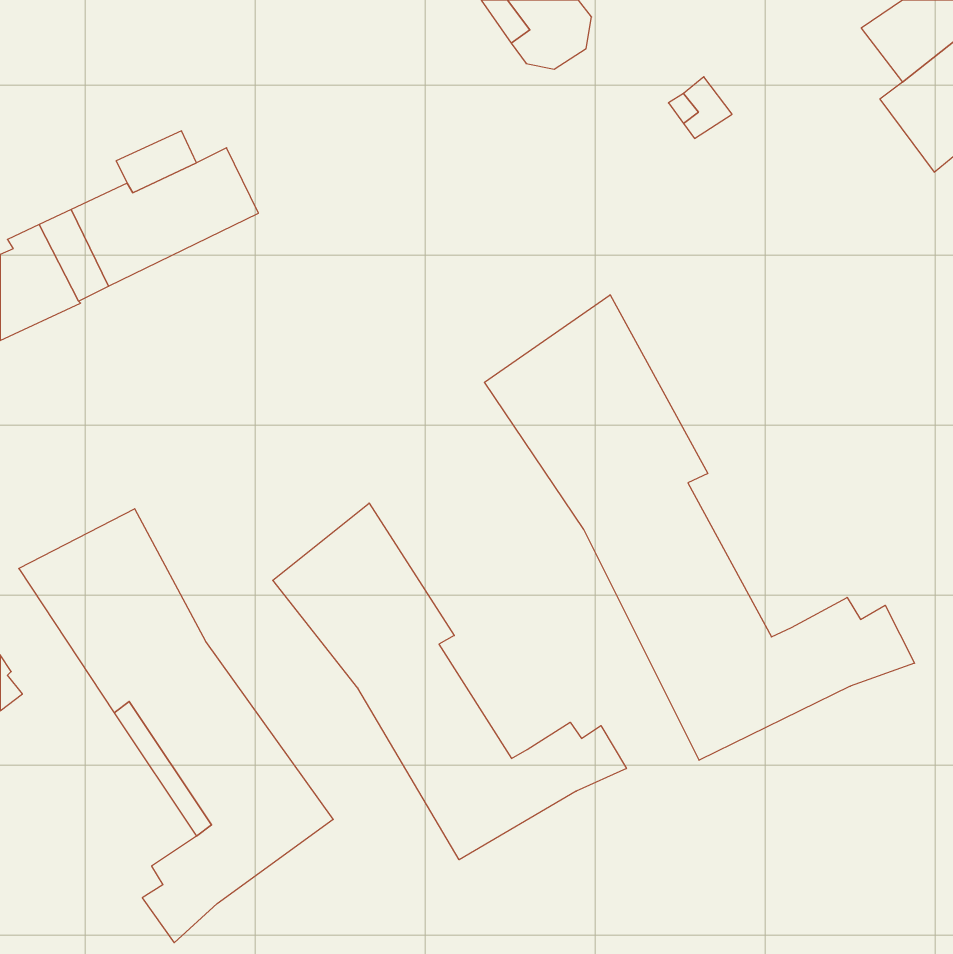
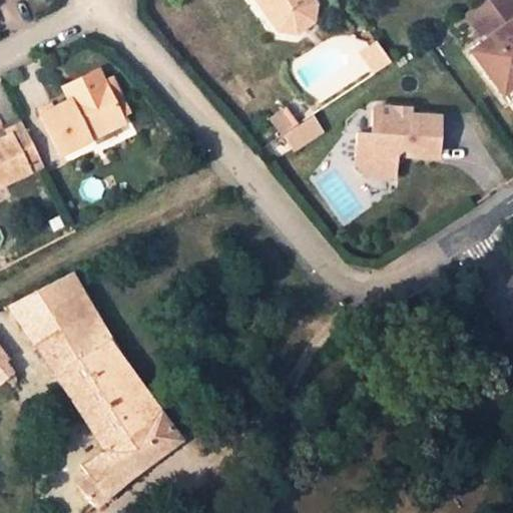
building: none -> [354,103,438,172]
building: none -> [270,107,323,152]
building: [484,295,915,760] -> none
building: [273,503,626,860] -> none

